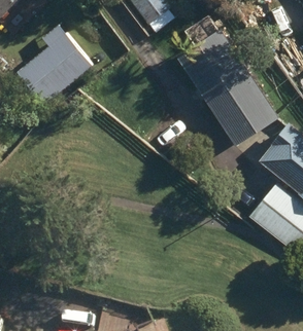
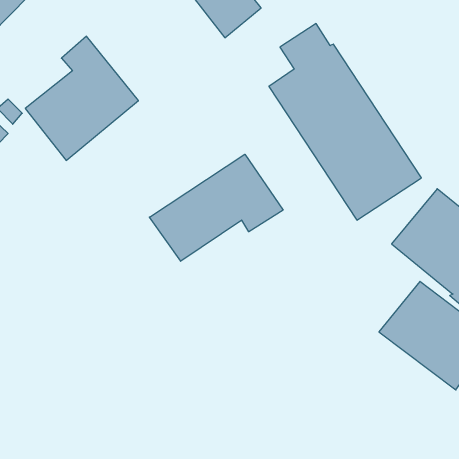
building: none -> [149,154,283,261]

